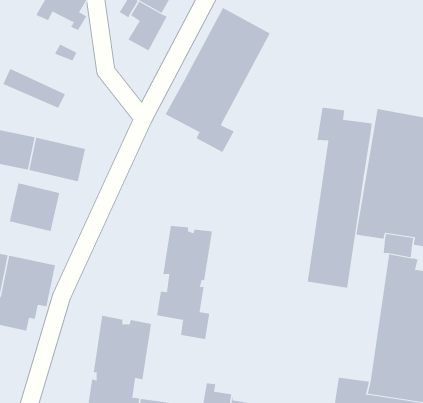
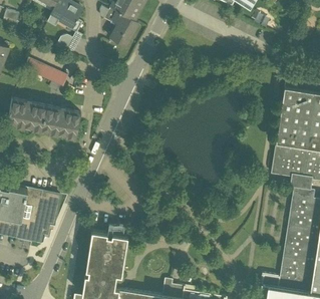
building: [165,7,270,153] -> none
building: [307,107,372,288] -> none
building: [9,183,60,232] -> none
building: [157,225,212,340] -> none

